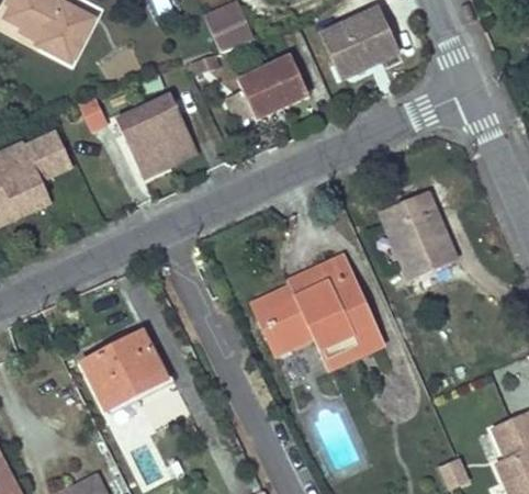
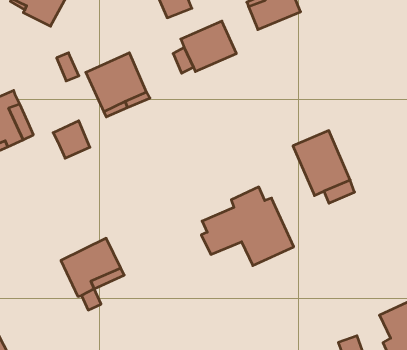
building: [25,134,72,182] -> [53,121,90,158]
building: [252,256,353,328] -> none

